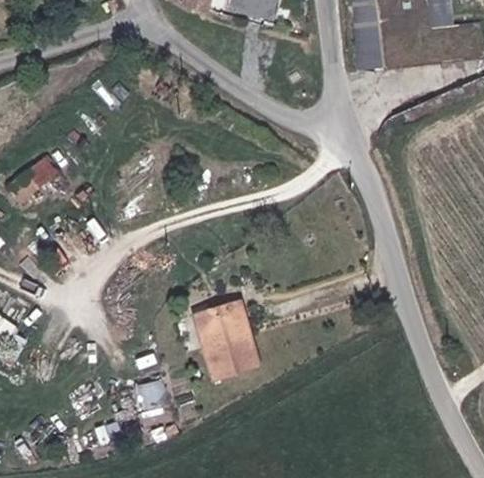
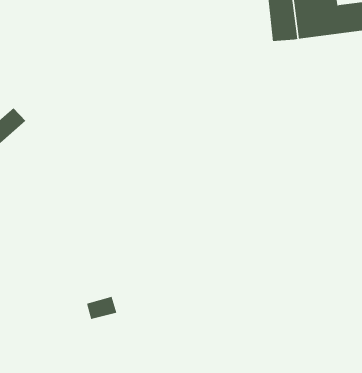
building: [198,302,260,378] -> none

